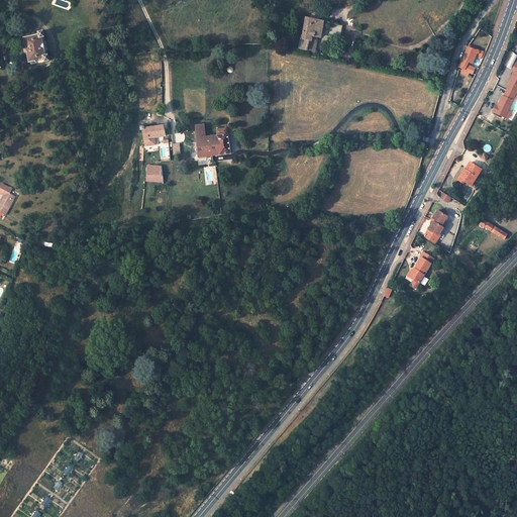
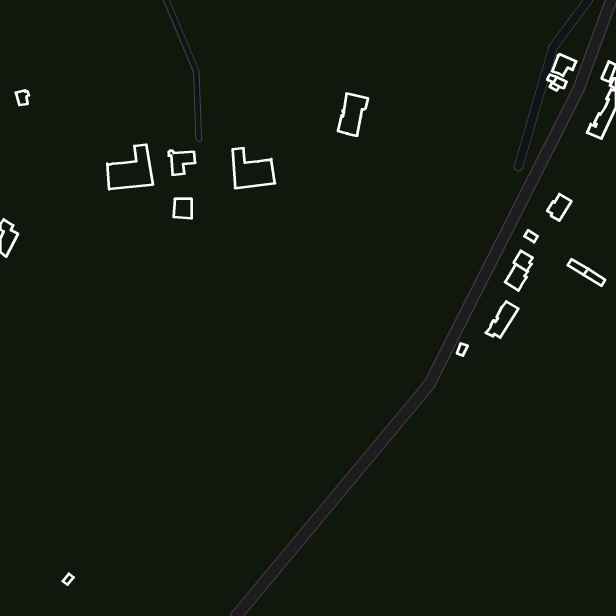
building: [298,17,323,53] -> [338,94,368,136]
building: [23,30,48,63] -> none
building: none -> [107,145,153,189]

